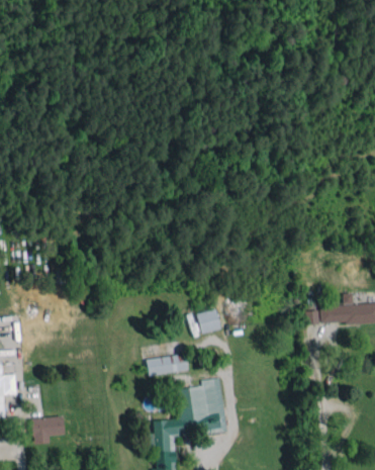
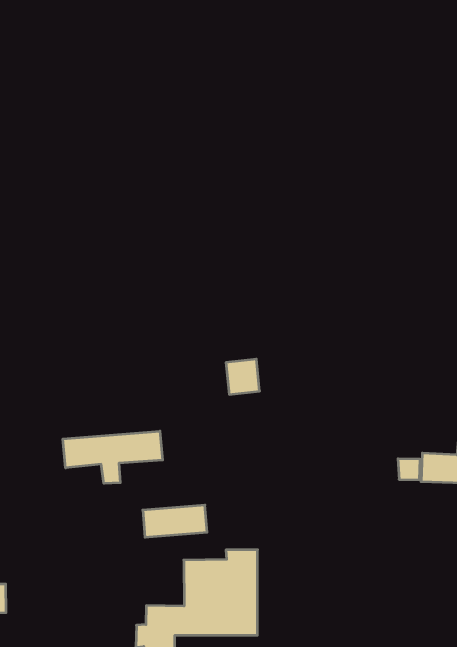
building: none -> [63,431,163,483]
building: [197,309,220,334] -> [226,359,260,394]

